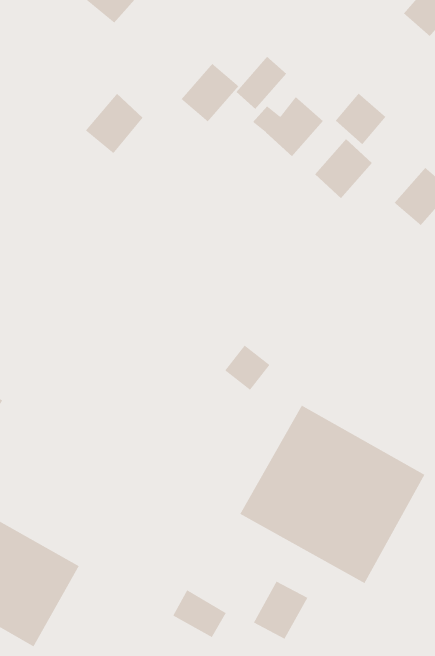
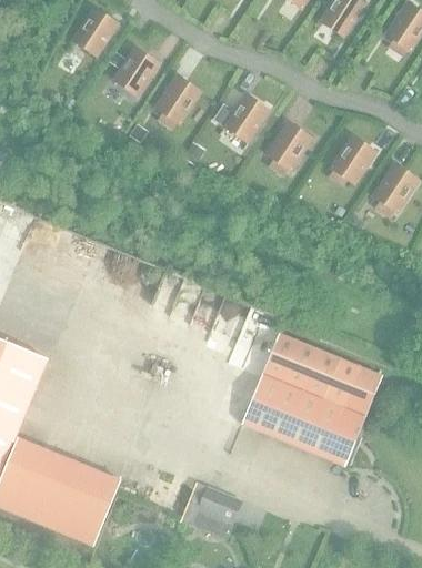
building: [235,56,287,110] -> none
building: [335,92,386,145] -> none
building: [85,93,144,154] -> [112,47,157,94]
building: [253,581,308,640] -> none

